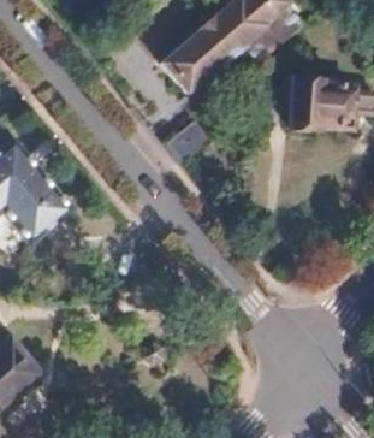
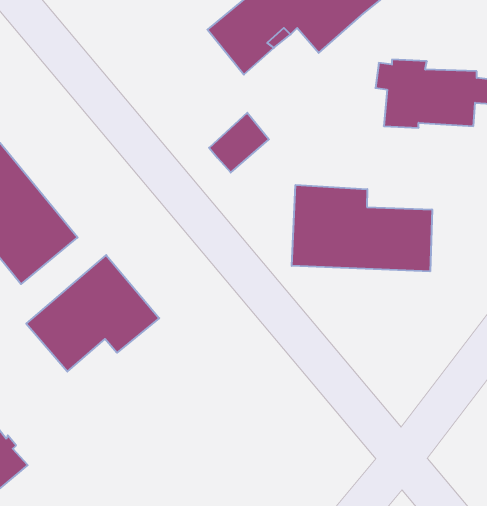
building: none -> [292,185,432,271]
building: none -> [26,255,159,372]

